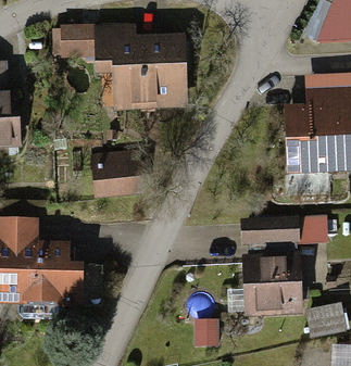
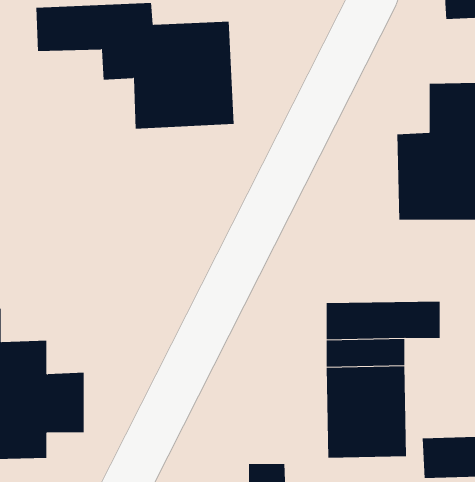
building: [90,150,142,195] -> none

